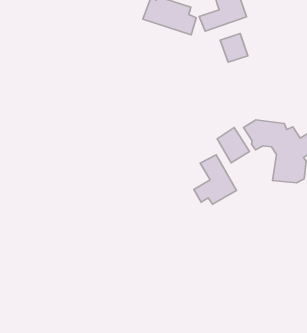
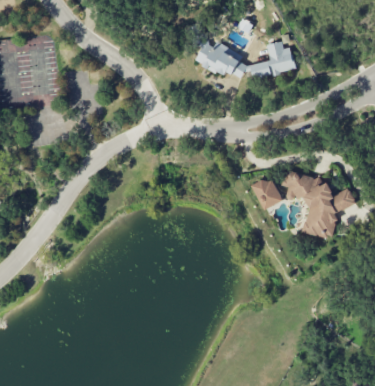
building: [220,33,248,62] -> none
building: [194,155,237,204] -> none

